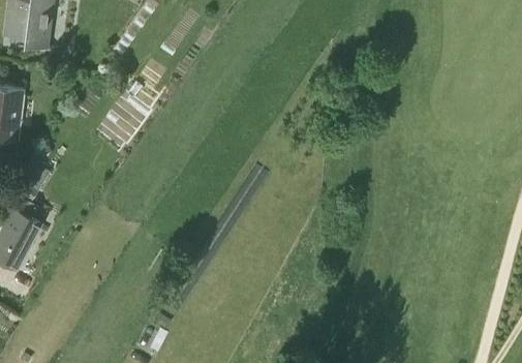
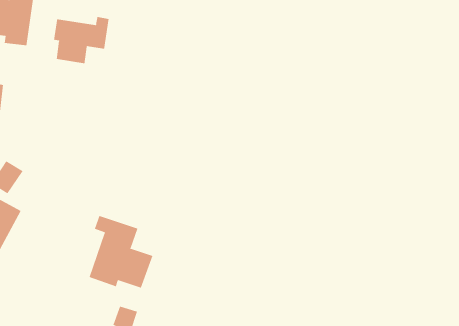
building: none -> [53,16,109,64]
building: none -> [89,215,153,289]

